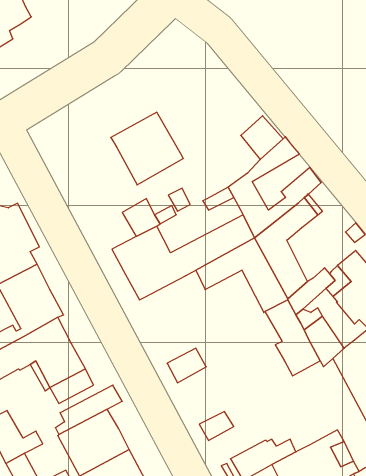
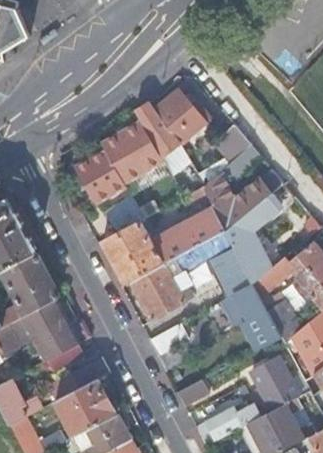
building: none -> [133,88,210,160]
building: none -> [73,150,124,202]
building: none -> [128,262,190,320]
building: none -> [253,358,300,409]

